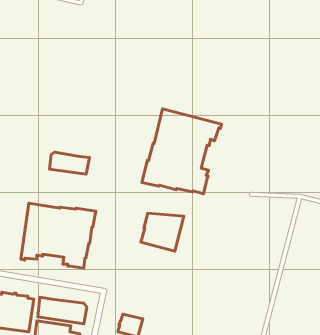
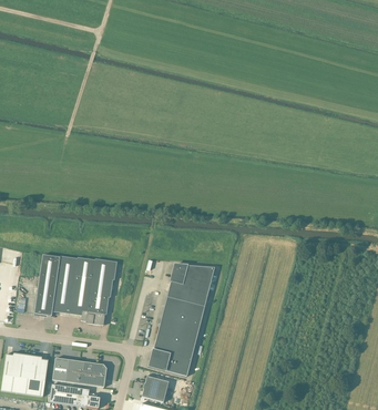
building: [142,109,221,194] -> none
building: [49,152,89,174] -> none
building: none -> [150,296,205,376]

